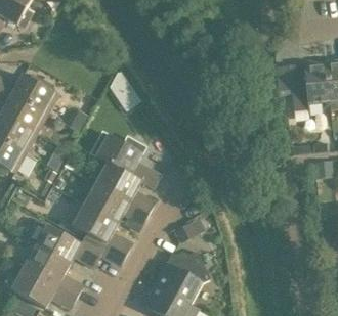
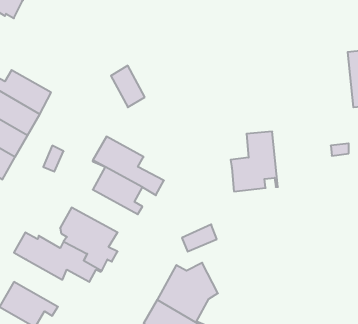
building: [290,58,333,112] -> [231,132,278,191]
building: [77,183,137,222] -> none
building: [25,246,69,289] -> none

